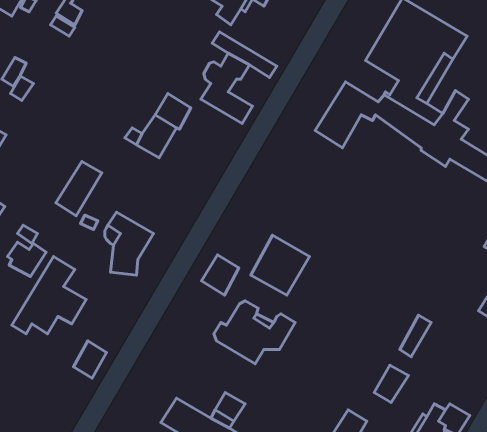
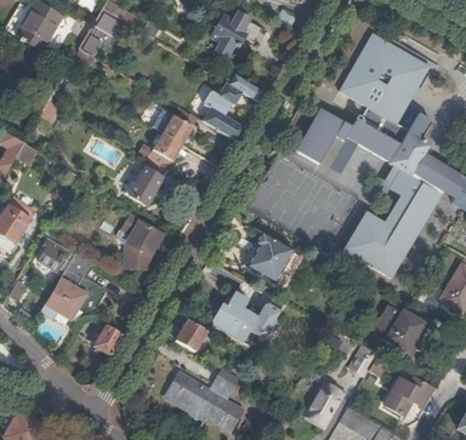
building: [56,161,102,216] -> [129,160,167,206]
building: none -> [341,182,438,278]
building: [202,255,239,295] -> [177,319,209,353]
building: none -> [385,312,422,356]

